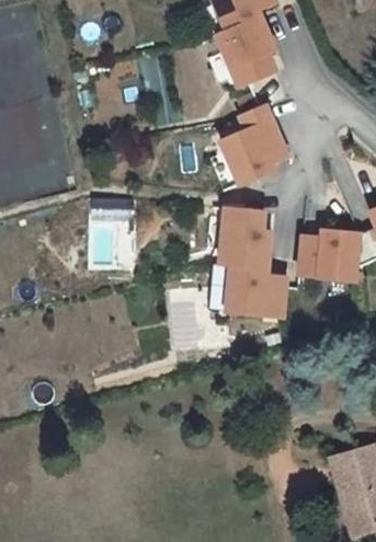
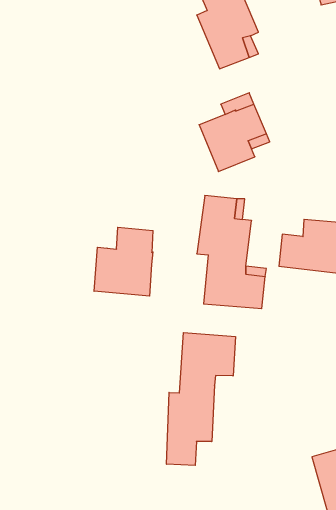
building: none -> [94,227,153,296]
building: none -> [167,333,235,465]

